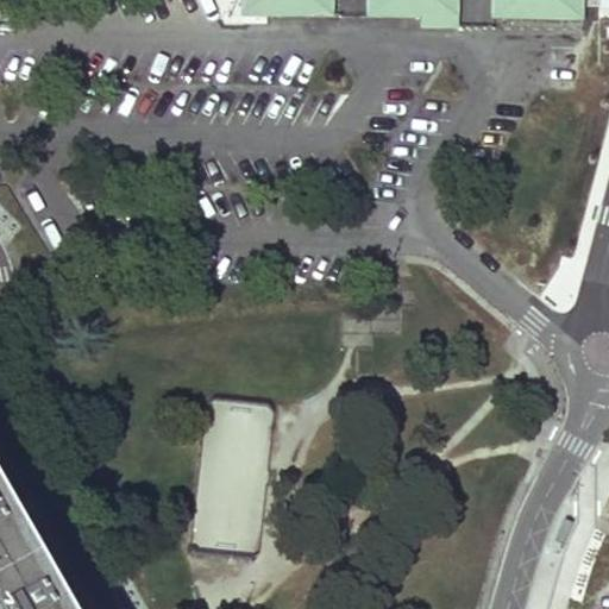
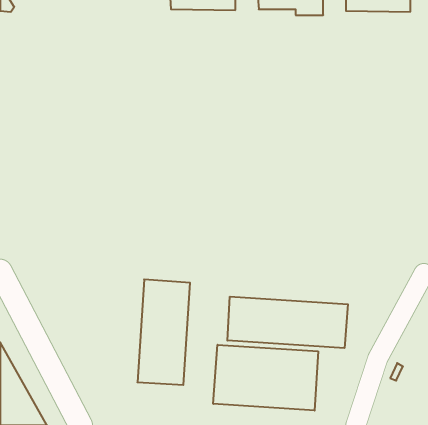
building: none -> [227,297,348,348]
building: none -> [213,345,318,411]

